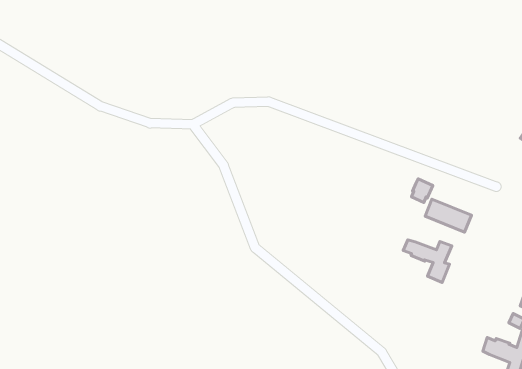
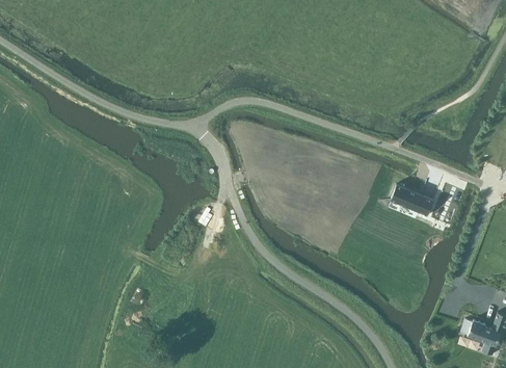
building: [403,240,452,283] -> none

